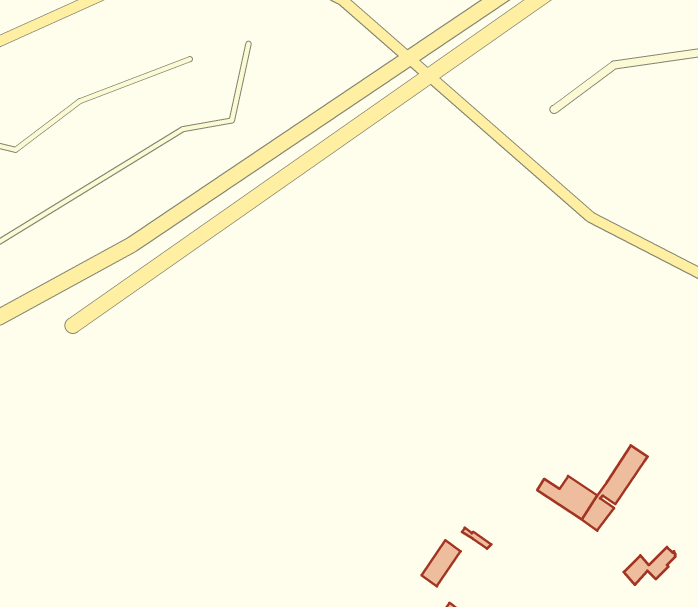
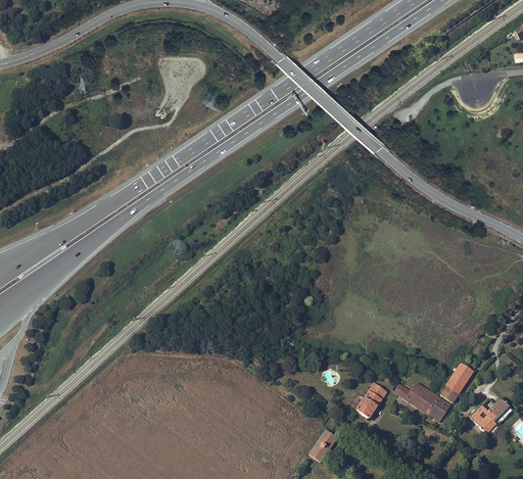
building: none -> [355,382,388,419]
building: [624,547,675,585] -> [469,398,507,426]

